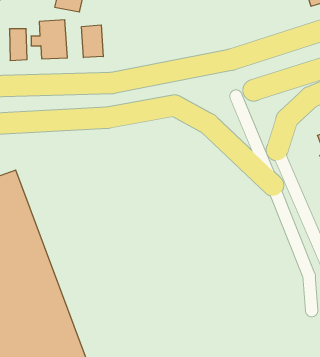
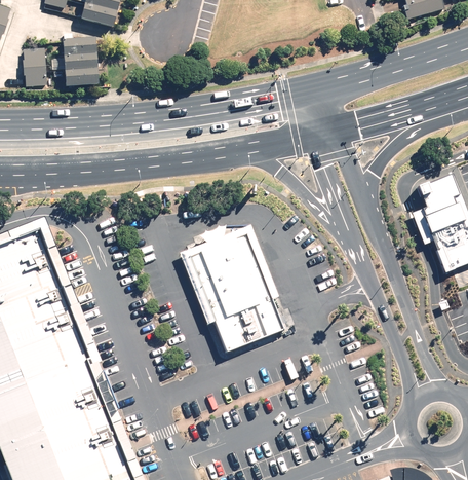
building: [82,25,103,58] -> none
building: none -> [178,227,284,355]

